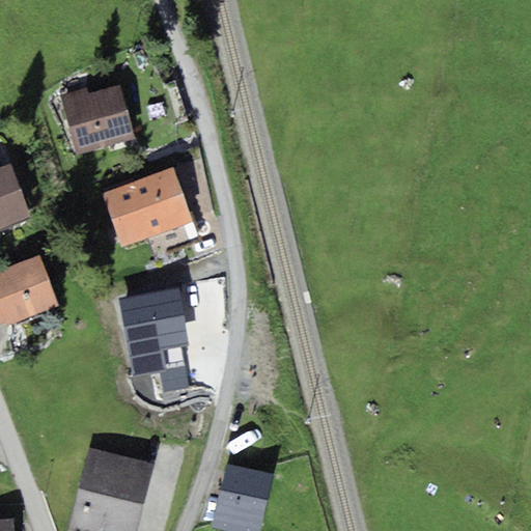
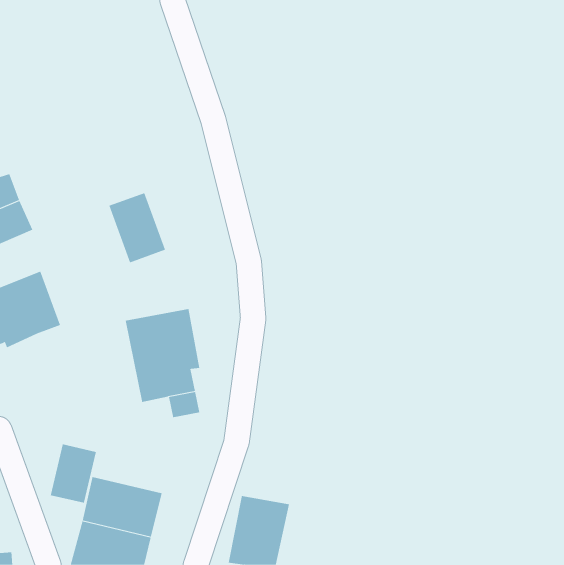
building: [59,85,134,155] -> none
building: [136,167,191,234] -> none
building: none -> [50,444,97,504]

